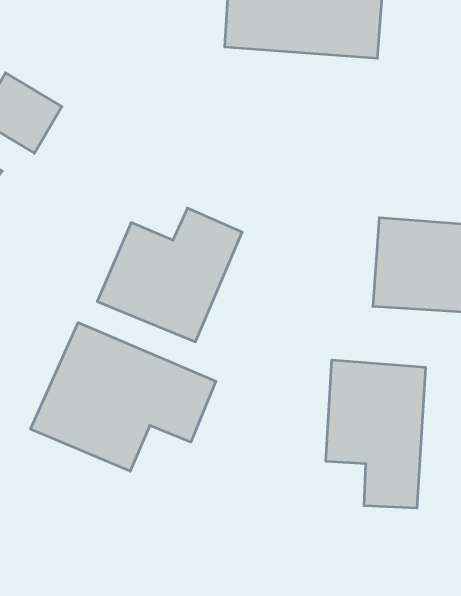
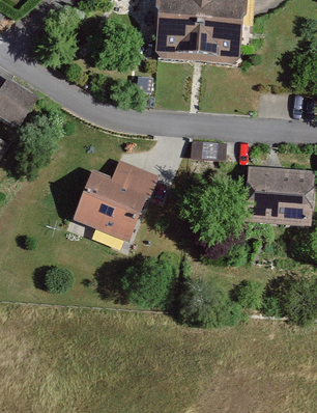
building: [31,323,216,471] -> none
building: [326,360,425,508] -> none

